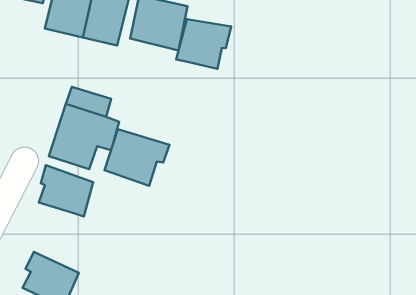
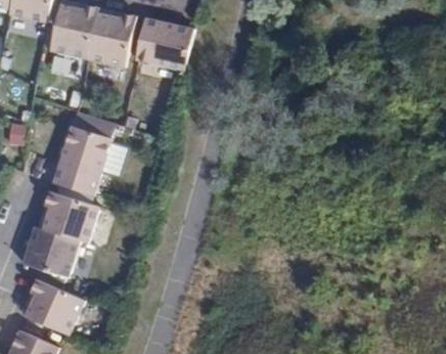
building: [176,19,231,69] -> none
building: [105,129,169,186] -> none
building: none -> [24,226,79,276]

